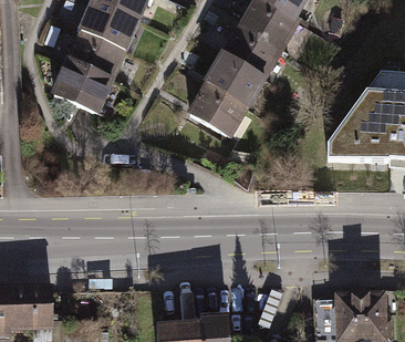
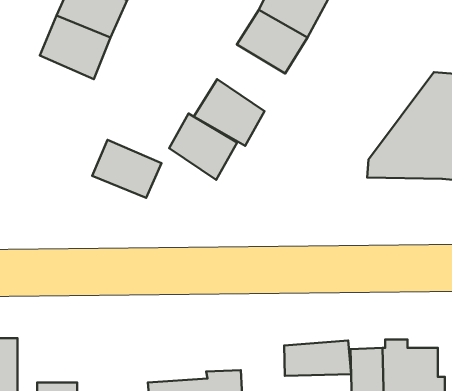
building: [208,54,262,107] -> [169,113,237,180]
building: [54,63,110,110] -> [92,140,161,198]
building: none -> [284,340,351,376]

